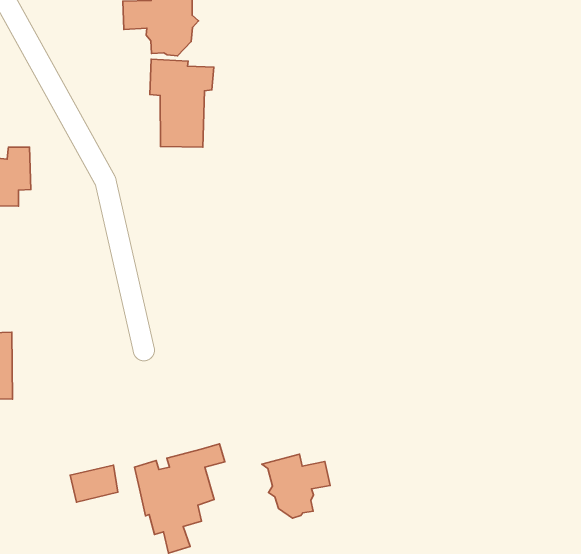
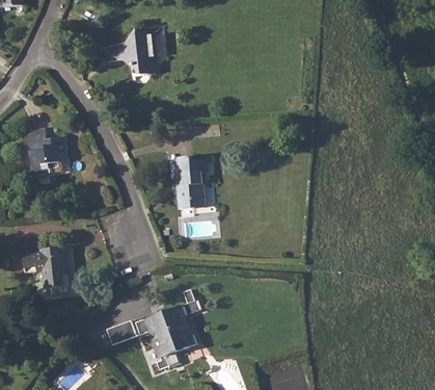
building: [150,59,214,147] -> [170,156,208,208]
building: [262,454,330,518] -> none

